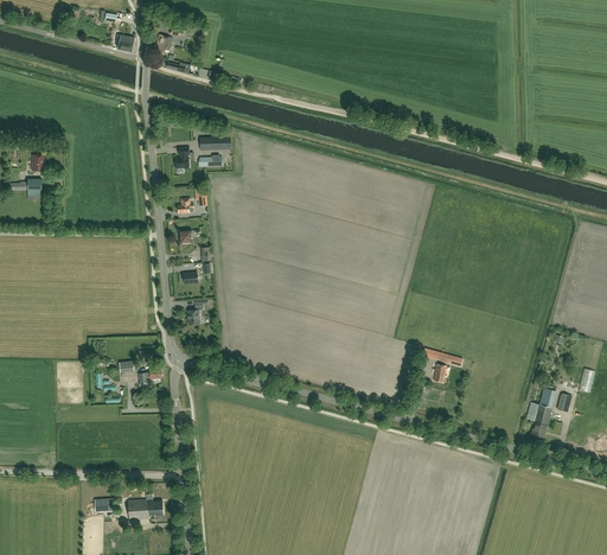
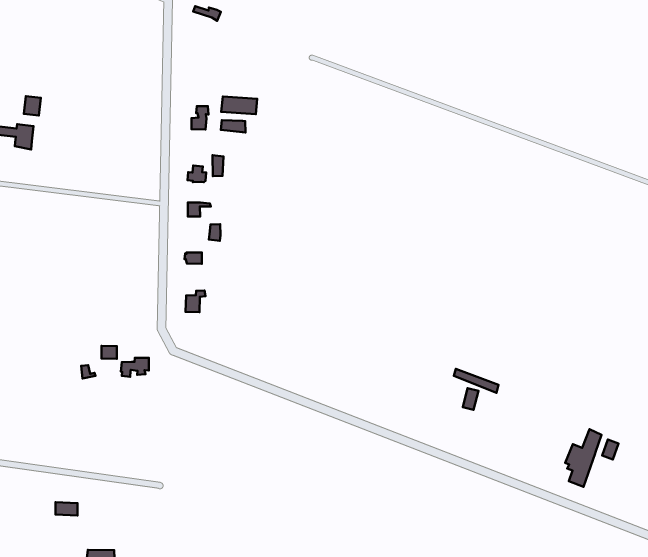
building: [127,495,162,519] -> none

